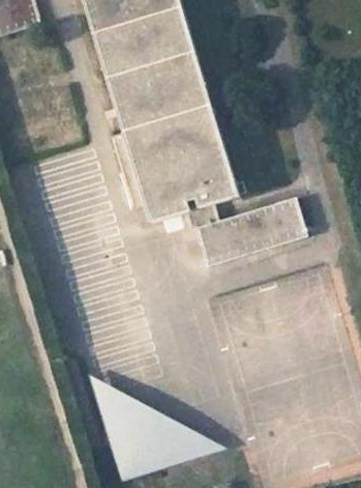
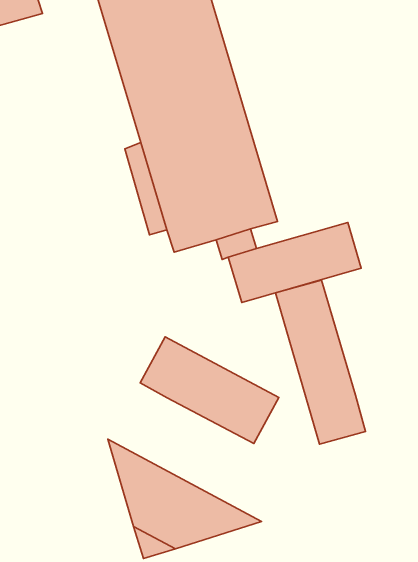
building: none -> [276,280,365,444]
building: none -> [140,337,279,444]

